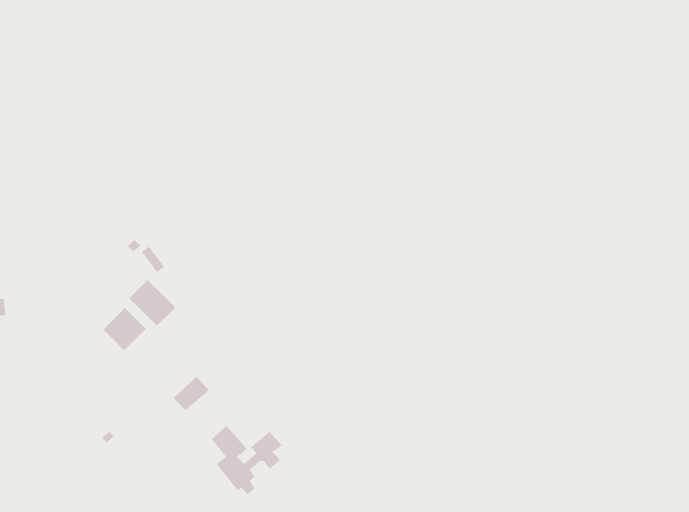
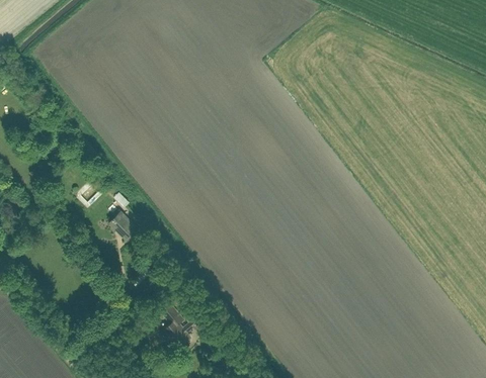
building: [102,307,146,351] -> none

